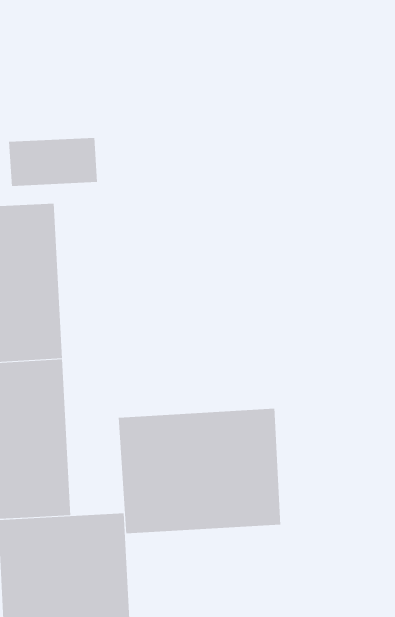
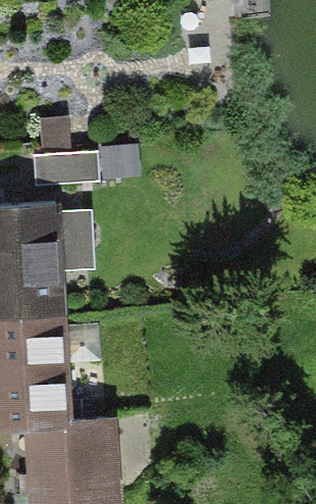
building: [118,408,281,534] -> none

